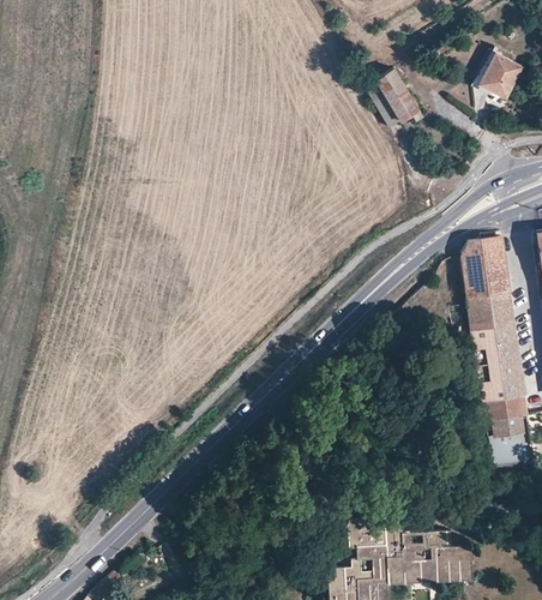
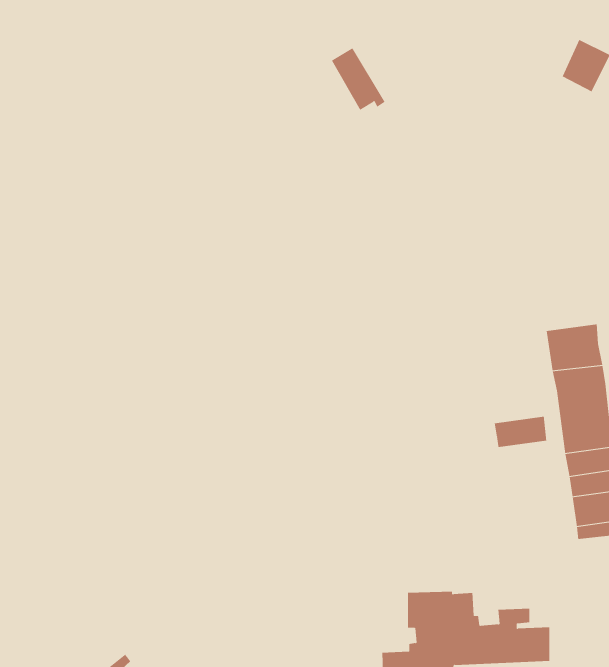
building: [378,70,423,122] -> [331,47,386,110]
building: [462,238,511,299] -> none
building: none -> [494,416,547,448]

